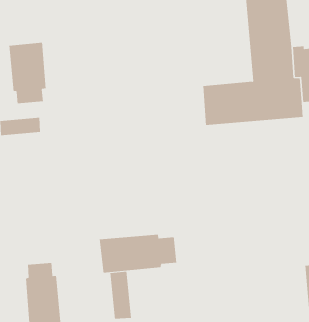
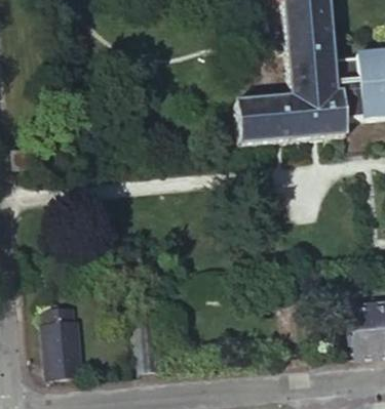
building: [9,42,46,104] -> none
building: [99,234,177,273] -> none

